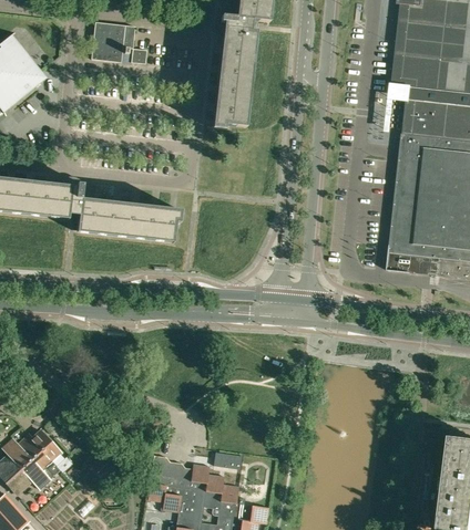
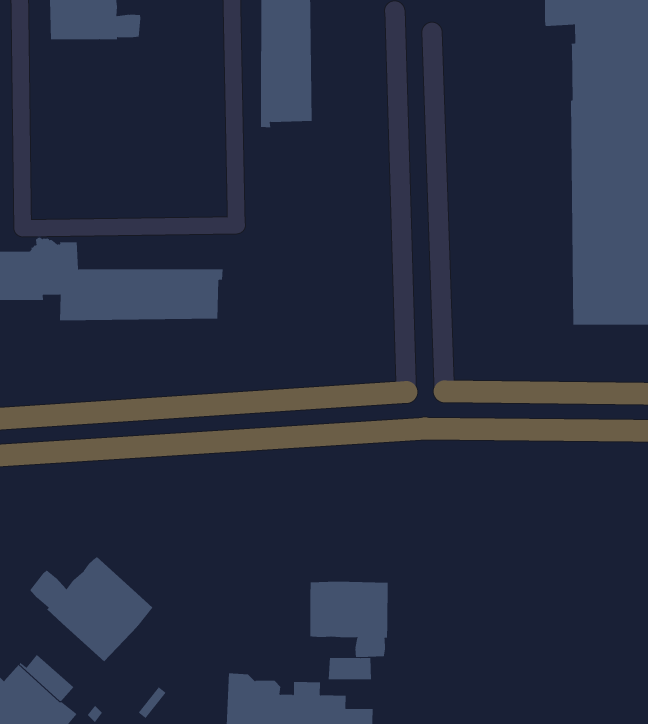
building: none -> [30,556,153,662]
building: none -> [310,581,388,658]

